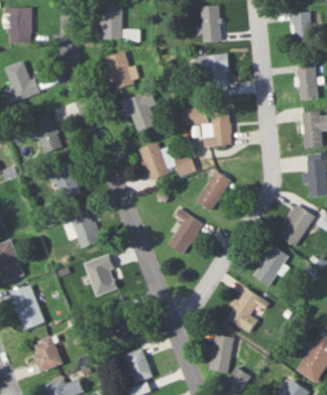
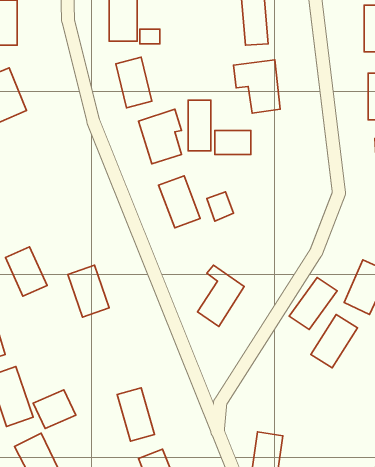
building: [213,109,230,147] -> [188,100,211,151]
building: [33,116,62,154] -> none
building: [49,160,81,198] -> [6,247,47,296]
building: [195,170,231,210] -> [289,278,337,330]
building: [82,261,114,290] -> [33,390,76,428]
building: [225,287,268,333] -> none

